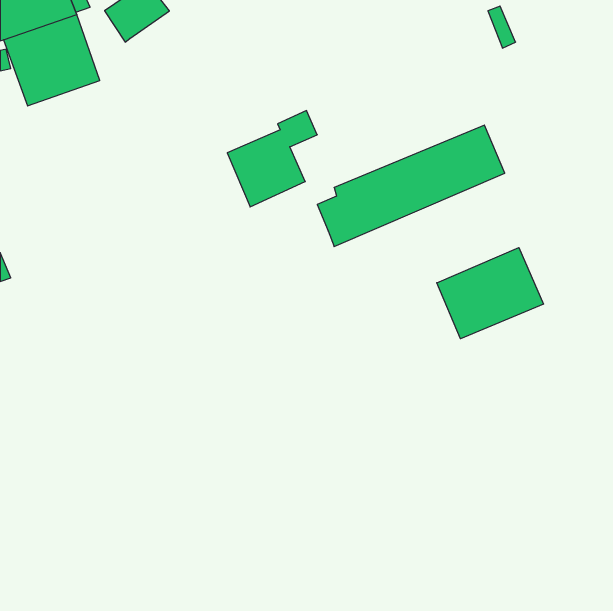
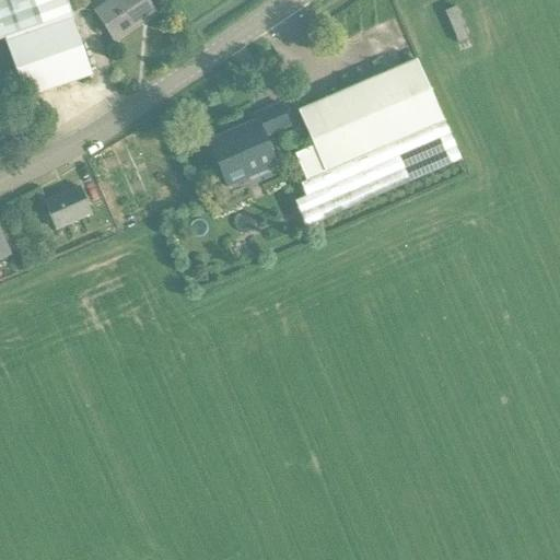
building: none -> [296,57,442,171]
building: none -> [45,185,91,226]
building: [437,248,543,339] -> none

